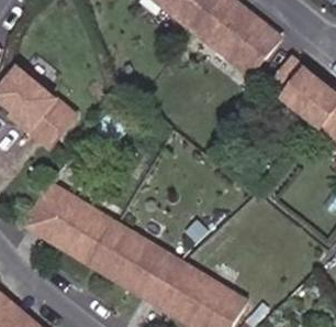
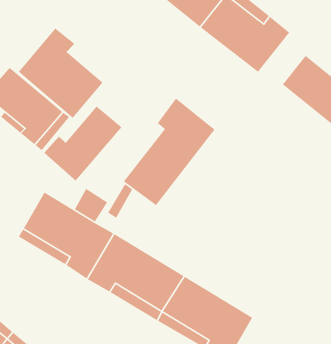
building: none -> [18,27,104,119]
building: none -> [123,98,215,206]
building: none -> [44,106,123,182]

